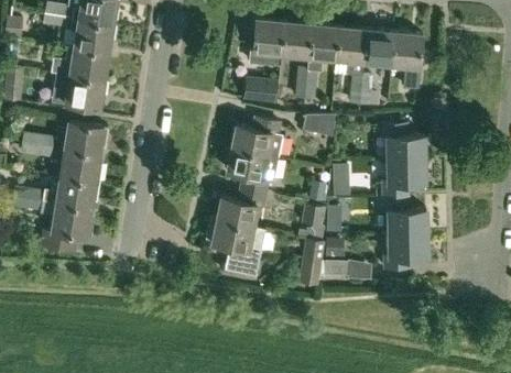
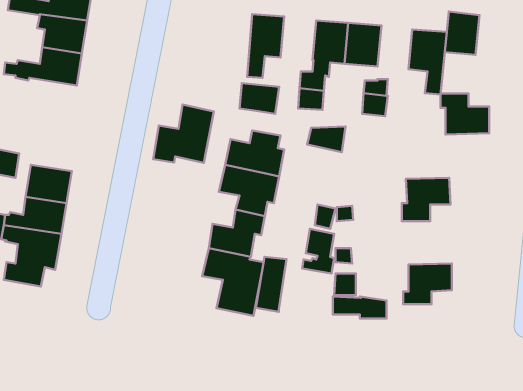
building: [280,20,311,57] -> none
building: [363,28,393,65] -> [445,11,479,55]
building: [62,73,105,108] -> none
building: none -> [153,105,214,163]
building: [65,120,105,153] -> none
building: [383,124,425,160] -> [440,94,489,135]
building: [384,196,427,233] -> none
building: [298,239,325,286] -> [256,257,286,312]

